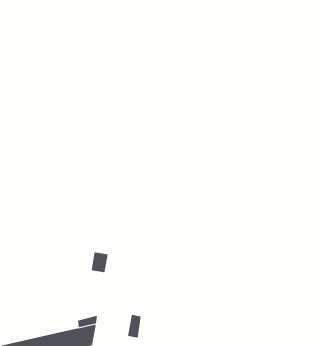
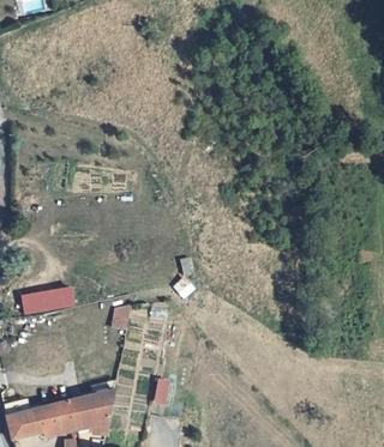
building: none -> [23,285,74,313]

